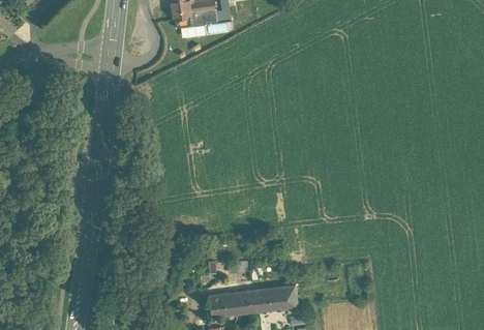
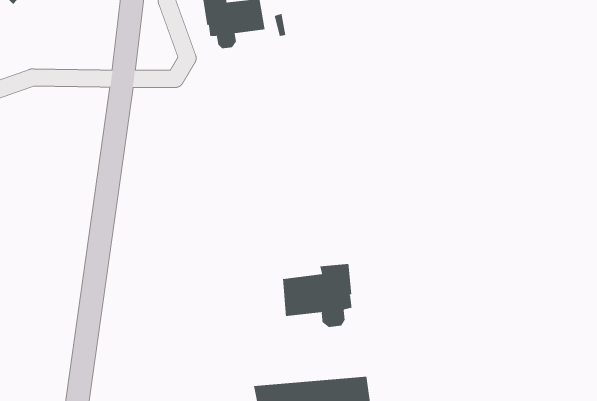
building: none -> [282,263,352,328]

